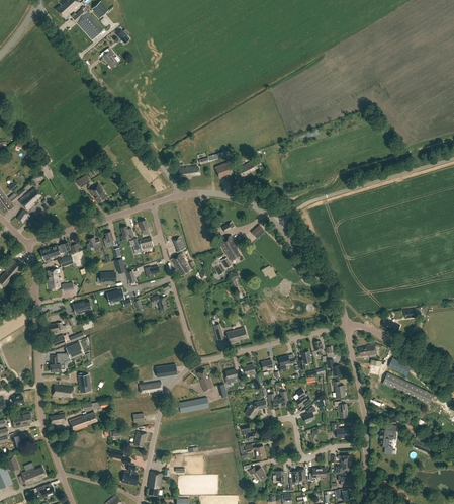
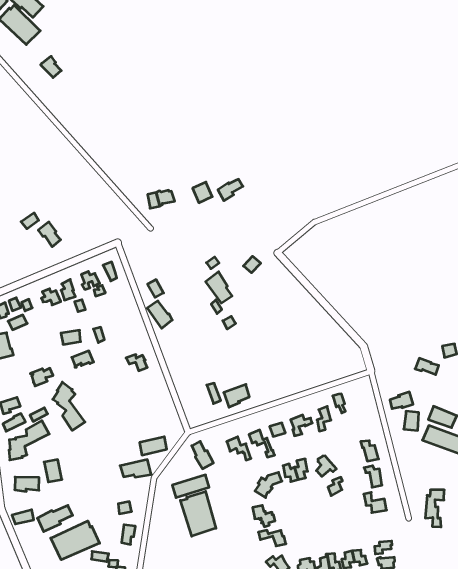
building: none -> [53,382,85,430]
building: none -> [180,491,216,536]
building: none -> [51,521,100,560]

